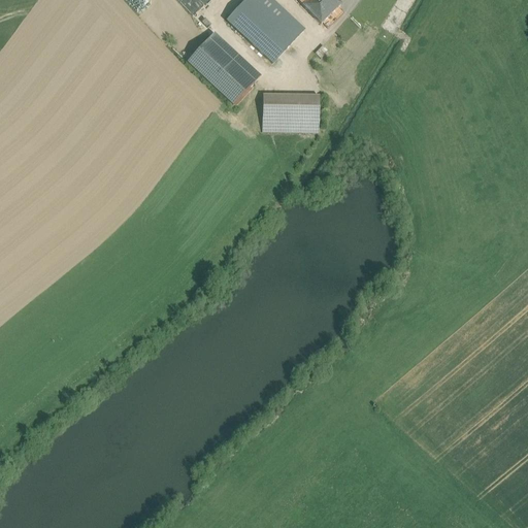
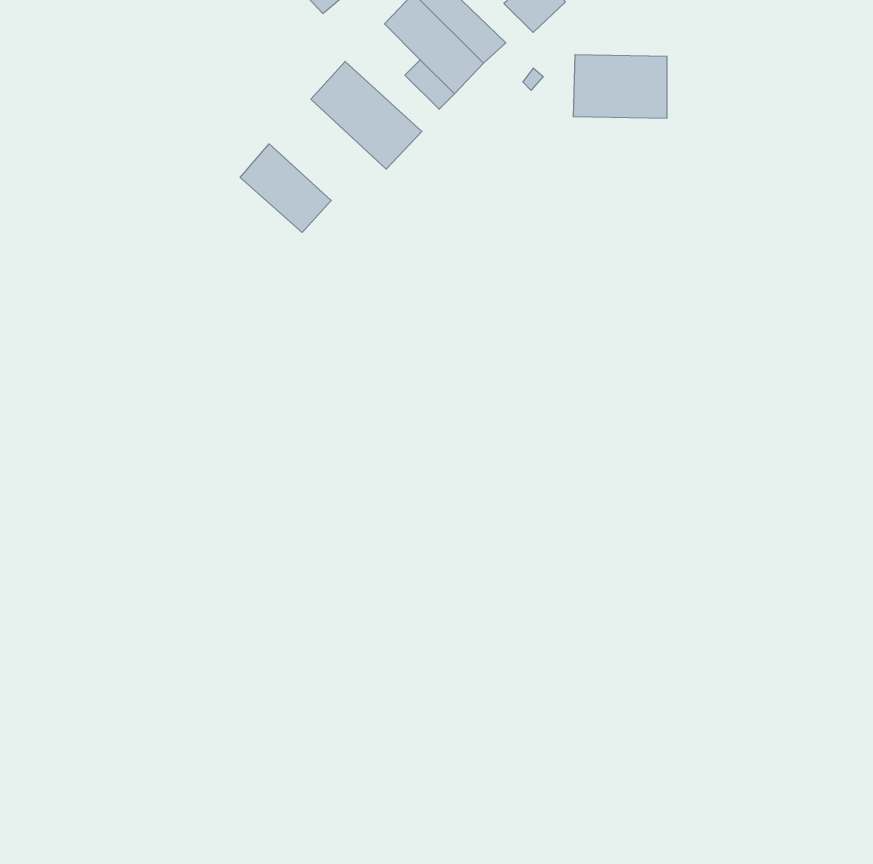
building: none -> [240,144,331,232]
building: [262,92,319,130] -> [573,55,667,118]

